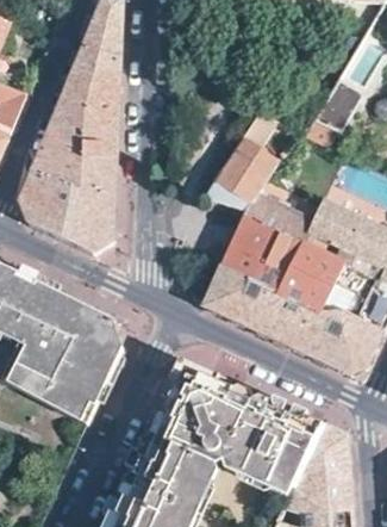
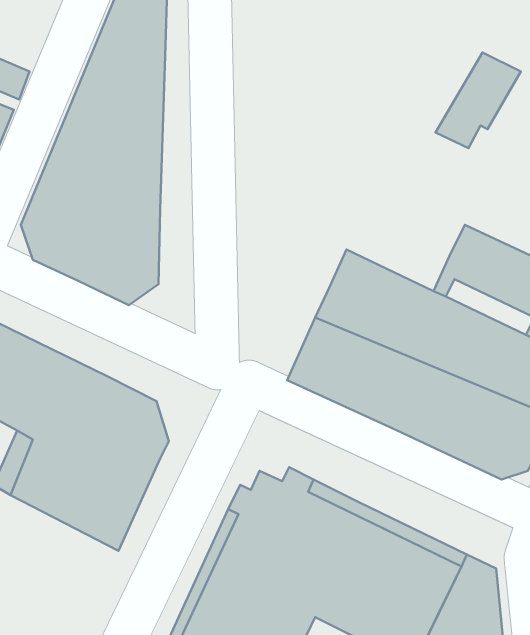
building: [207,111,313,243] -> none

